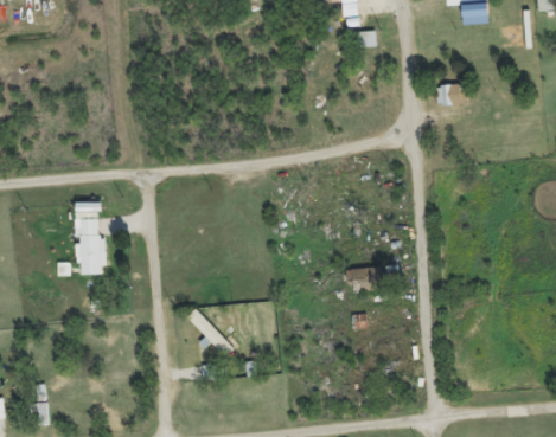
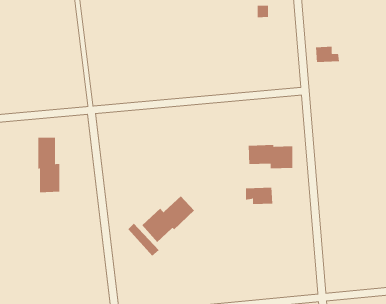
building: none -> [248,144,293,169]
building: none -> [142,195,195,243]

